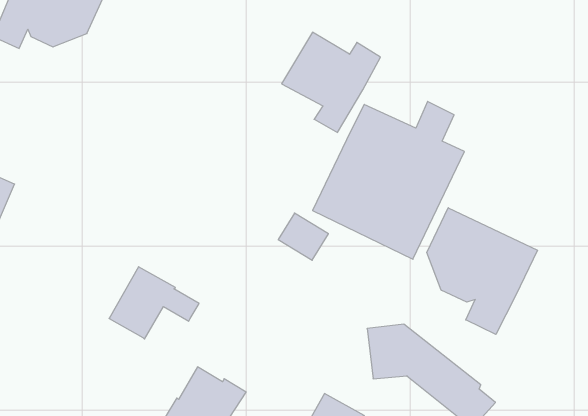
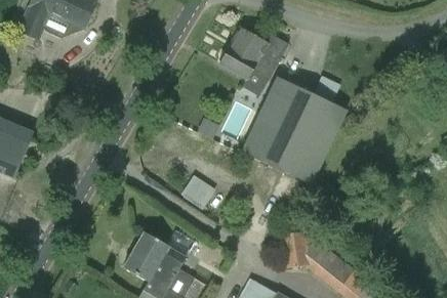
building: [427,208,537,334] -> none
building: [278,213,328,260] -> [181,173,216,206]
building: [109,267,199,339] -> [123,231,186,282]

